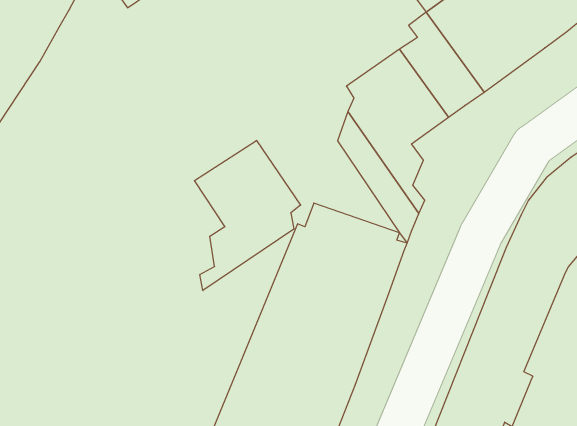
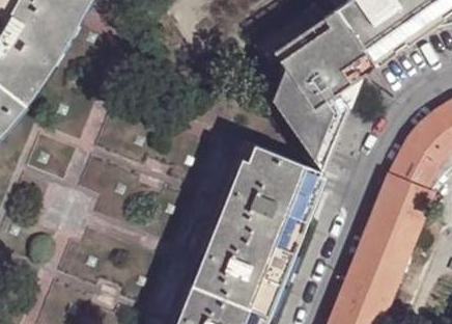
building: [194,140,301,291] -> none

